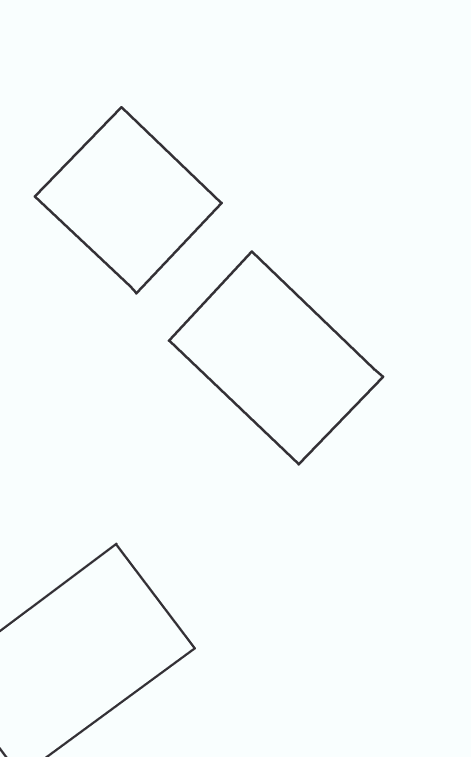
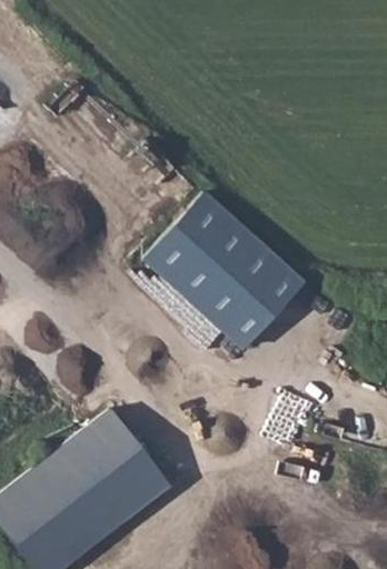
building: [35,107,222,293] -> none

